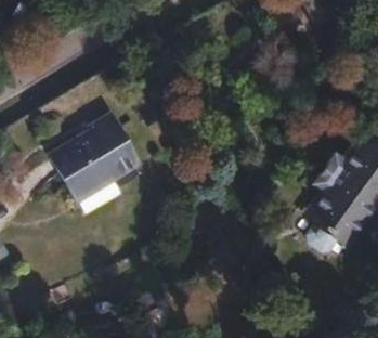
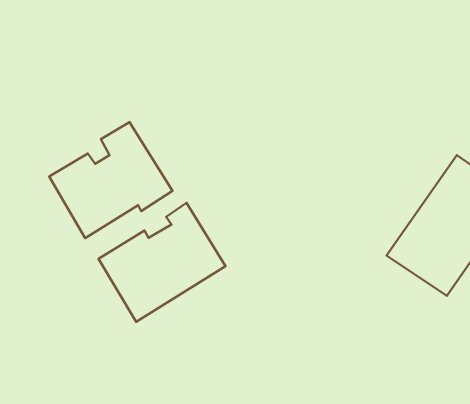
building: none -> [99,203,225,322]

